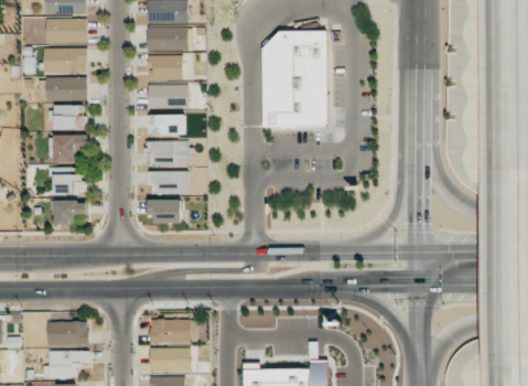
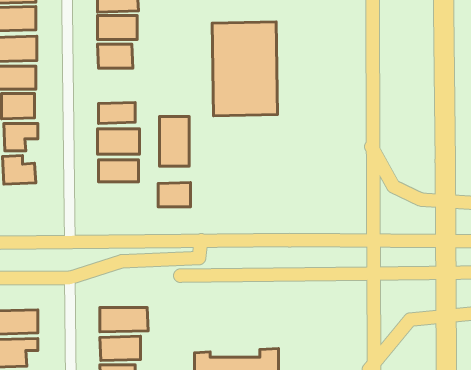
building: [149,85,187,108] -> none
building: none -> [160,117,189,166]
building: [149,200,181,224] -> [158,183,190,207]
building: [55,202,88,226] -> none

